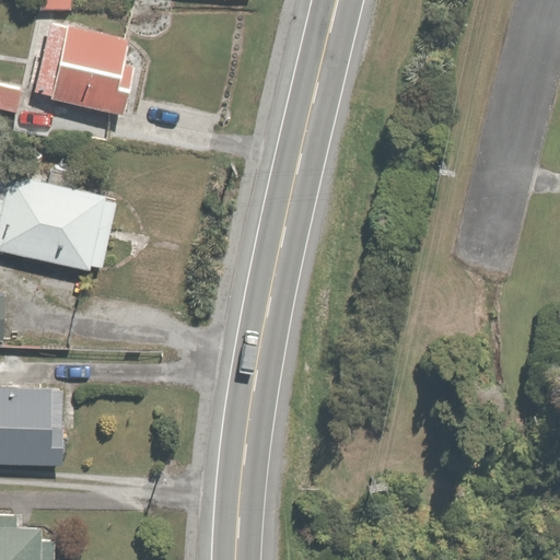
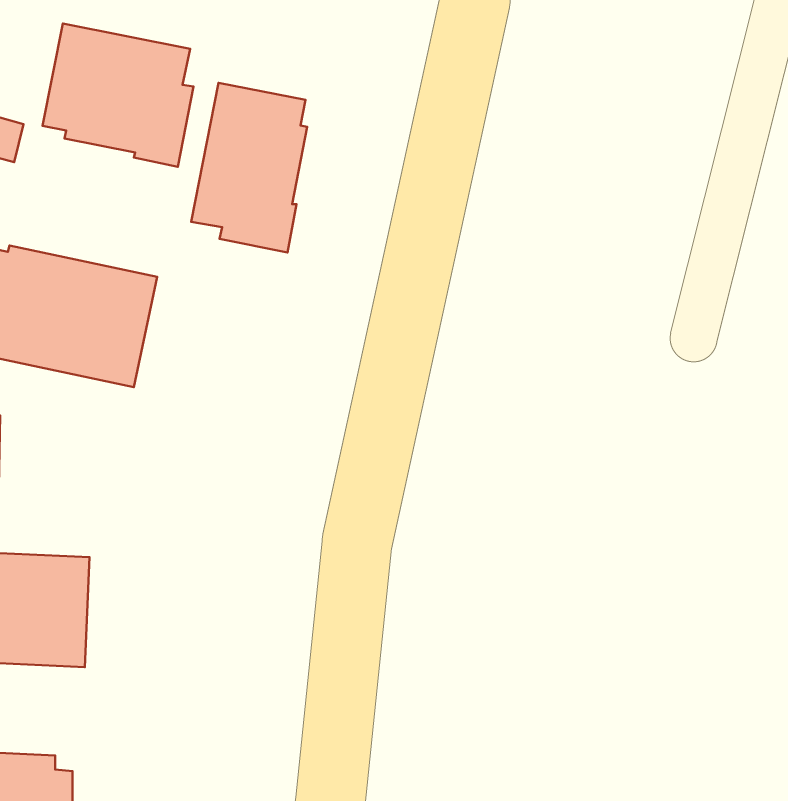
building: none -> [191,83,307,252]

